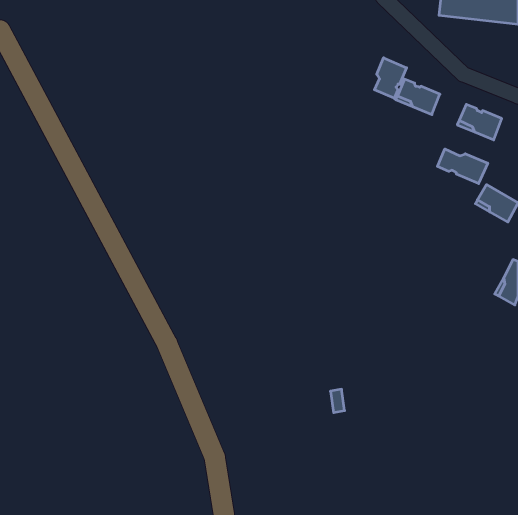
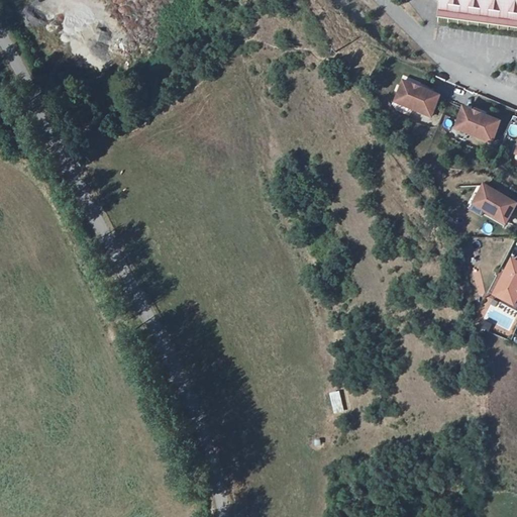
building: [374,58,407,98] -> none
building: [437,149,488,184] -> none

